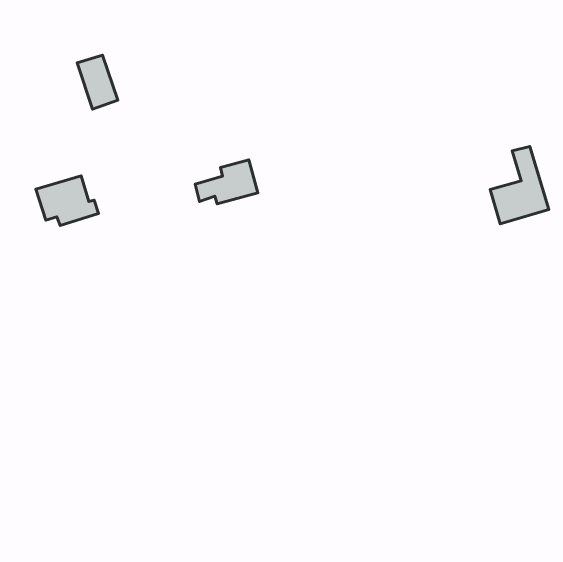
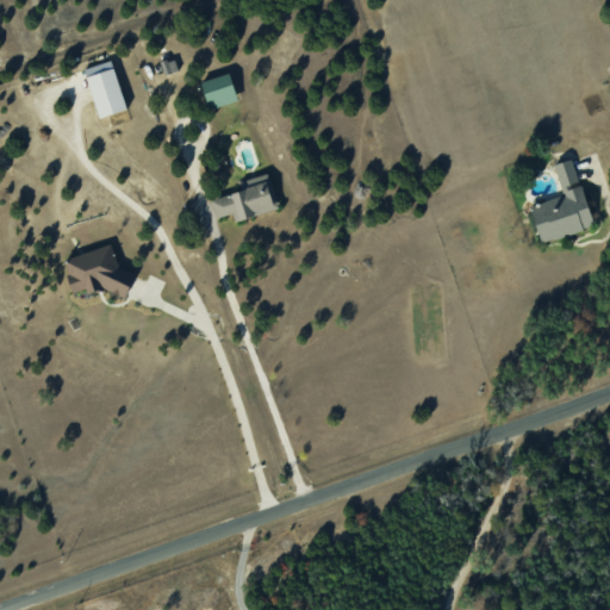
building: none -> [201,73,238,110]
building: [36,176,99,226] -> [63,245,131,299]

